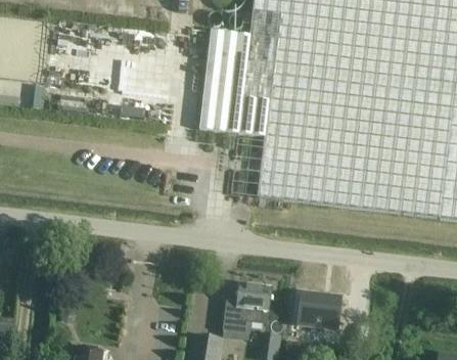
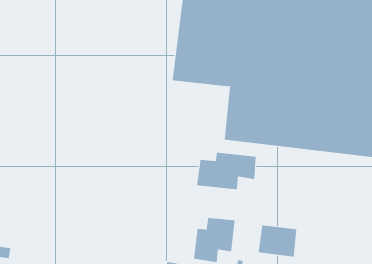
building: none -> [197,152,256,190]

